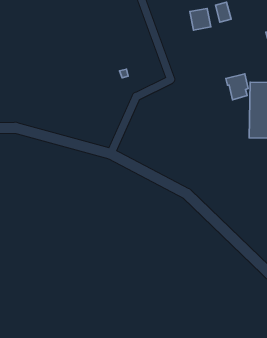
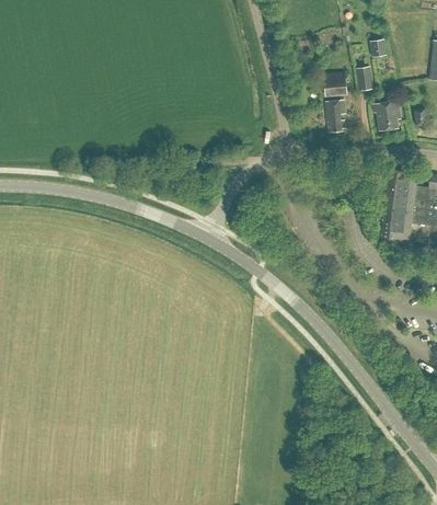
building: none -> [325,100,345,133]
building: [226,74,248,100] -> [375,100,401,130]

